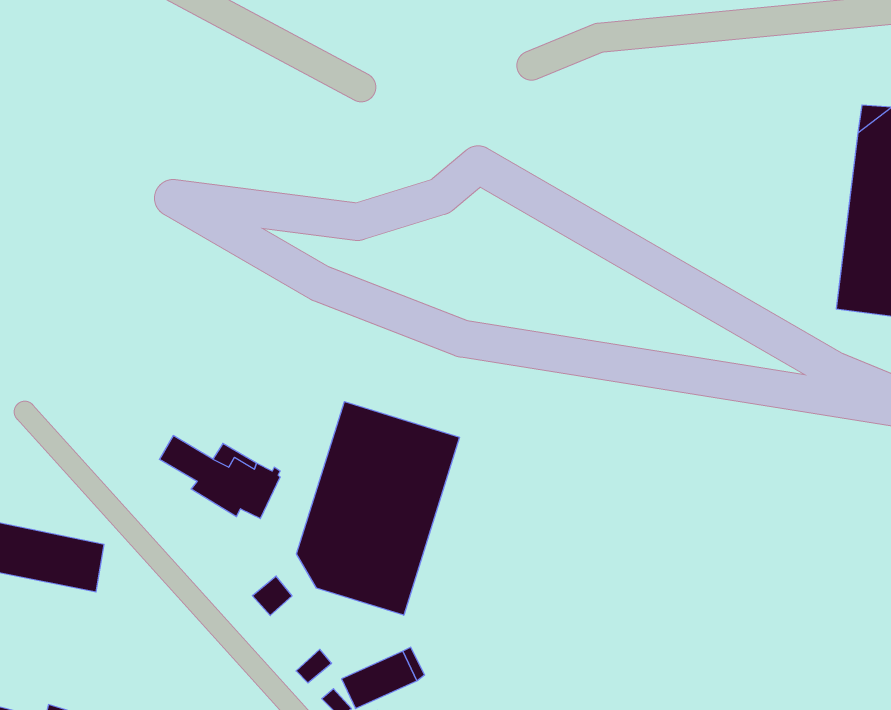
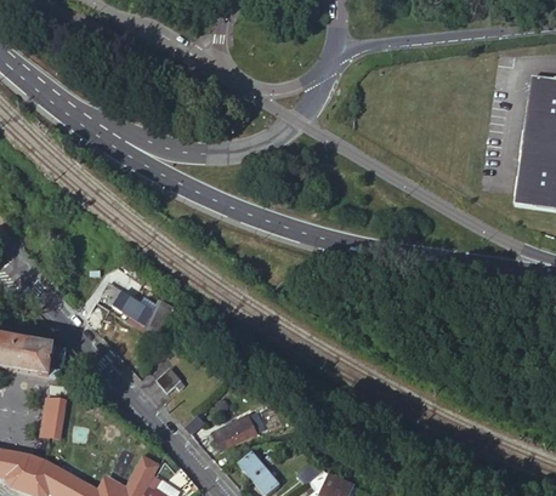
building: [296,402,460,615] -> none
building: none -> [40,398,66,437]

